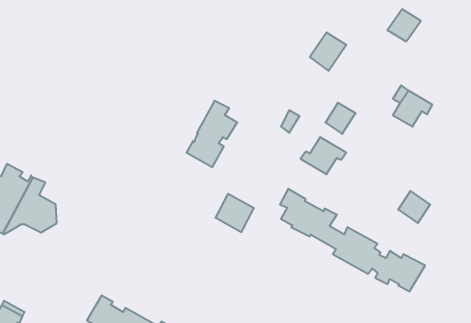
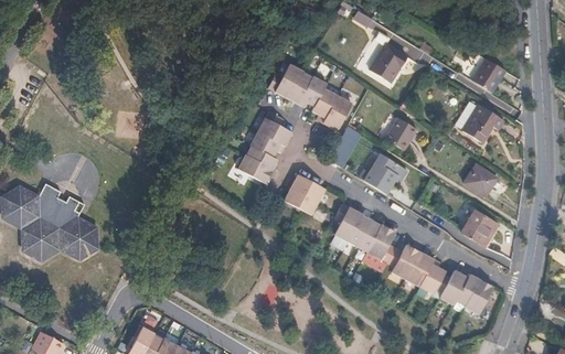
building: [387,9,421,41] -> [470,60,505,94]
building: none -> [270,64,352,129]
building: none -> [463,164,498,196]
building: [215,194,254,232] -> [287,179,328,219]

